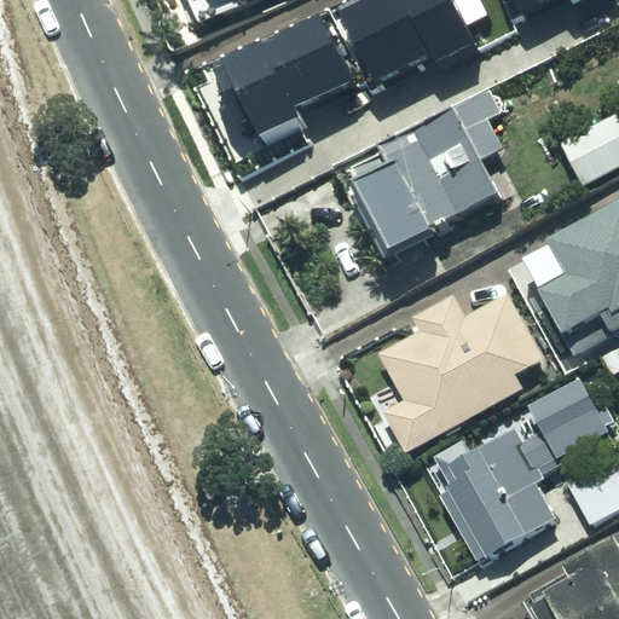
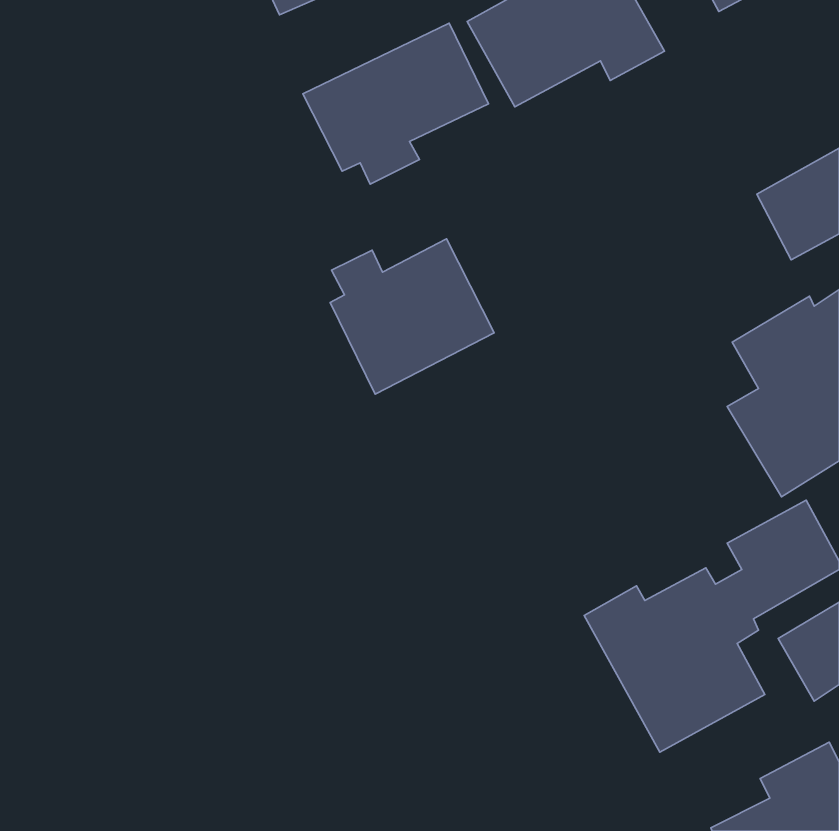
building: [357,93,513,262] -> none
building: none -> [330,239,494,394]
building: [376,296,544,457] -> none

